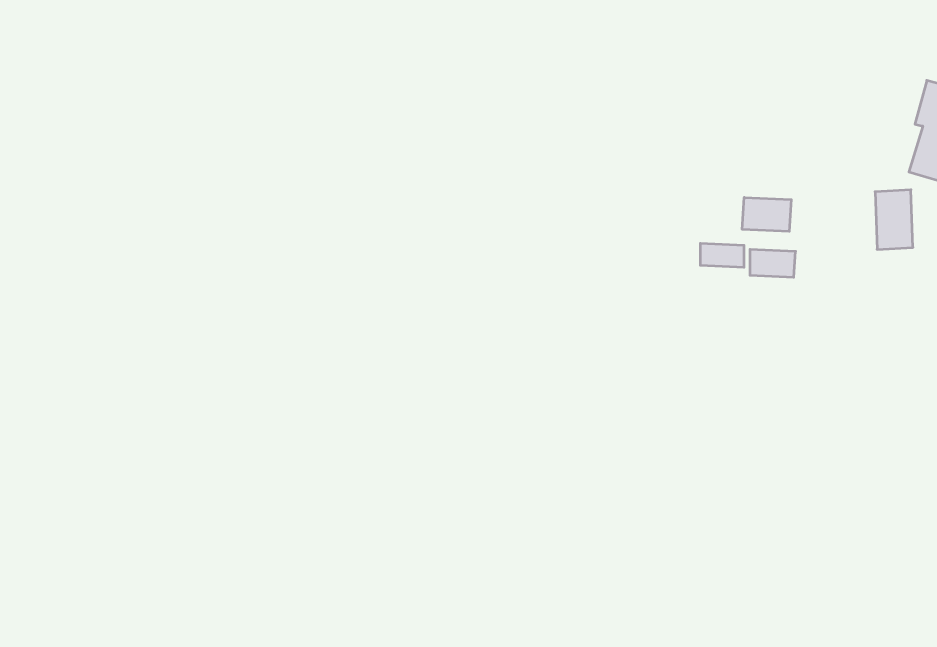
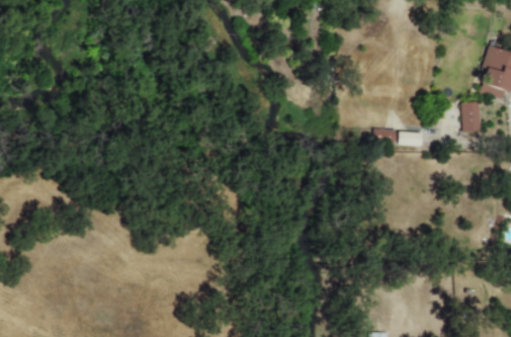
building: [742,197,791,231] -> none

